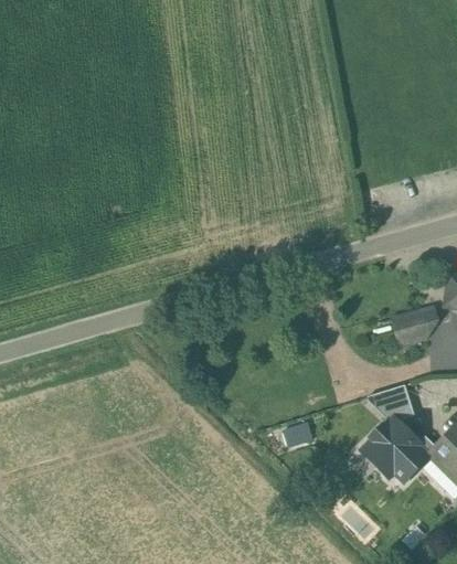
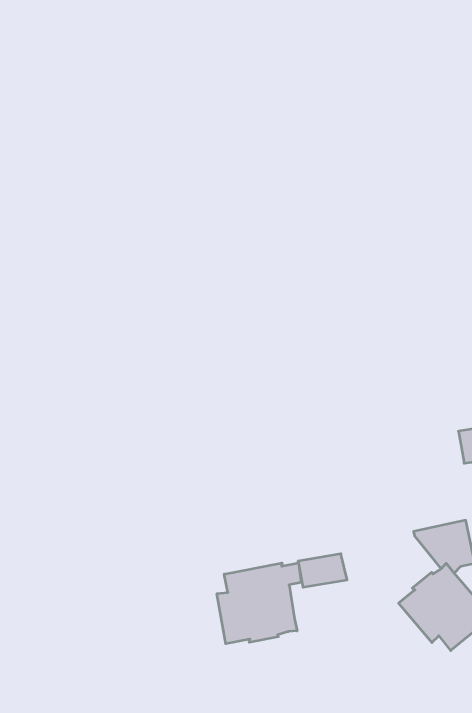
building: none -> [217,563,301,644]

